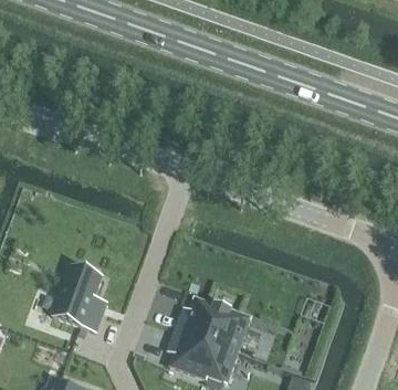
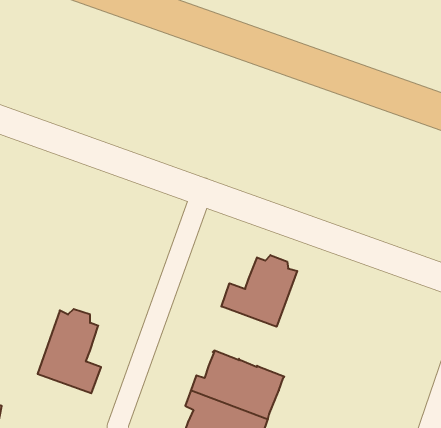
building: none -> [221,255,297,327]

